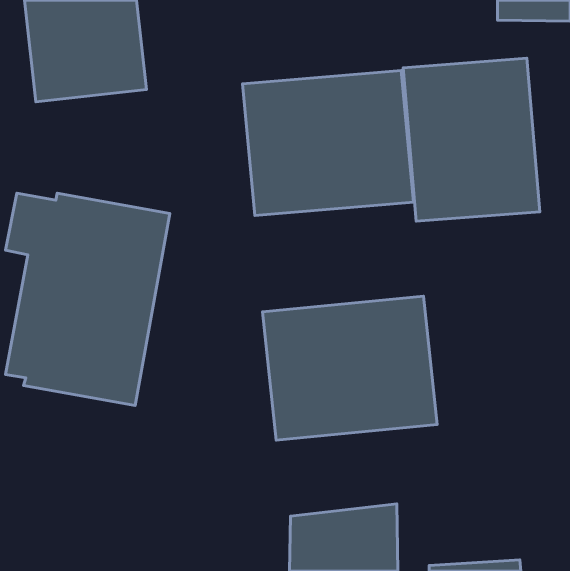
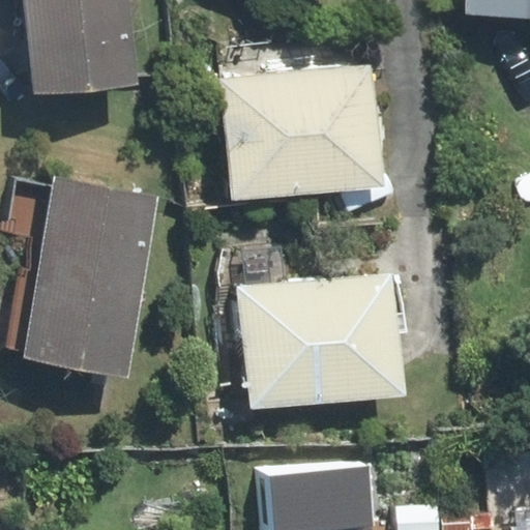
building: [403,58,540,221] -> none

